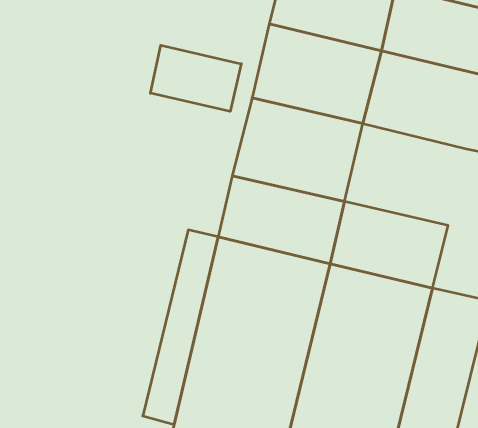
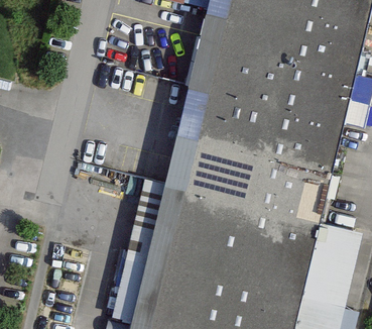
building: [150,45,241,111] -> none
building: none -> [257,105,344,178]

